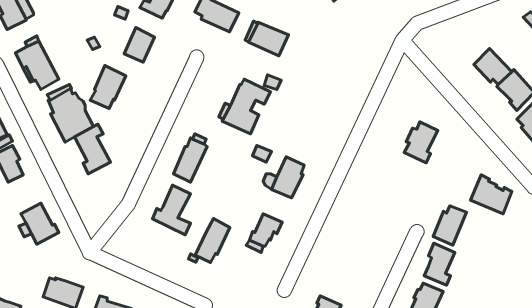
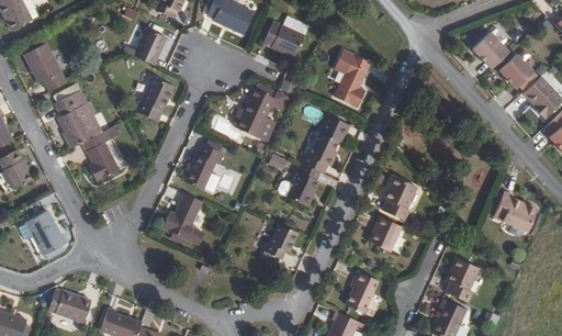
building: none -> [470,30,506,66]
building: none -> [333,52,369,108]
building: [90,65,126,109] -> [136,78,173,123]
building: none -> [299,116,349,175]
building: [404,122,438,163] -> [383,175,418,217]
building: none -> [370,213,403,248]
building: [433,206,467,245] -> none
building: [195,218,230,263] -> none
building: none -> [347,269,380,310]

